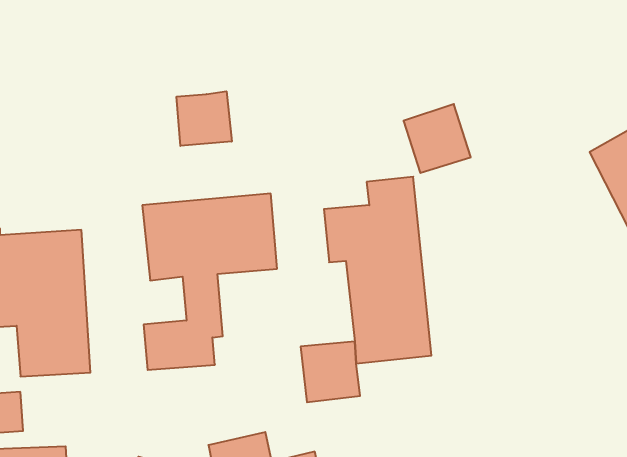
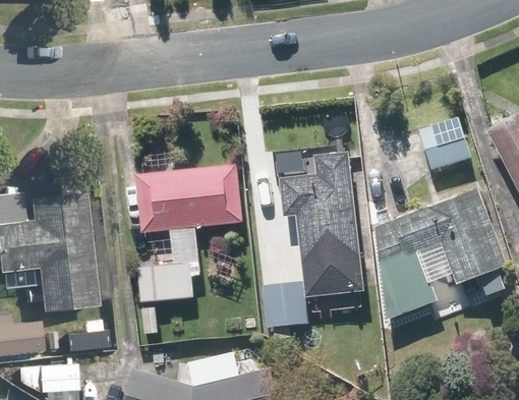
building: [177,91,232,146] -> none
building: [403,104,471,173] -> [417,117,470,171]
building: none -> [372,187,507,320]

